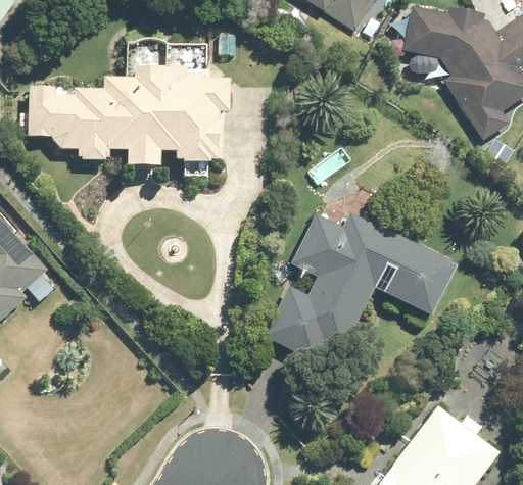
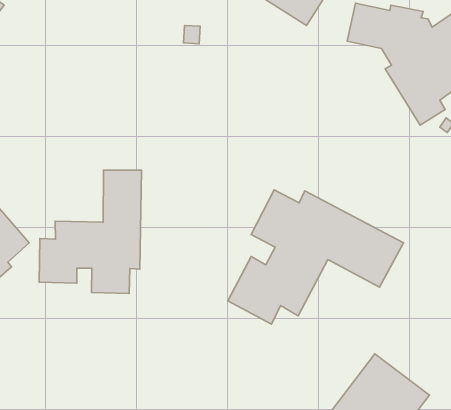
building: [20,69,236,169] -> none
building: none -> [39,170,142,293]

